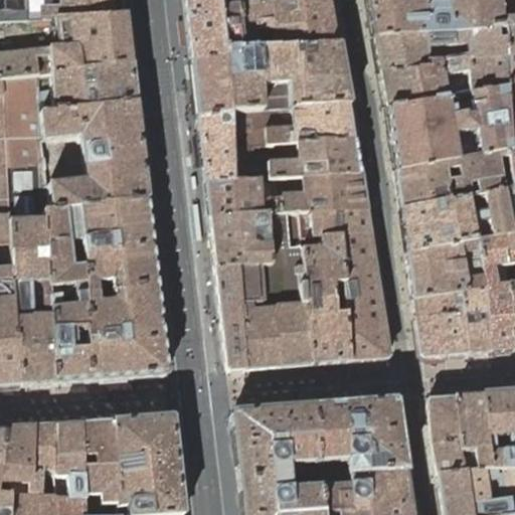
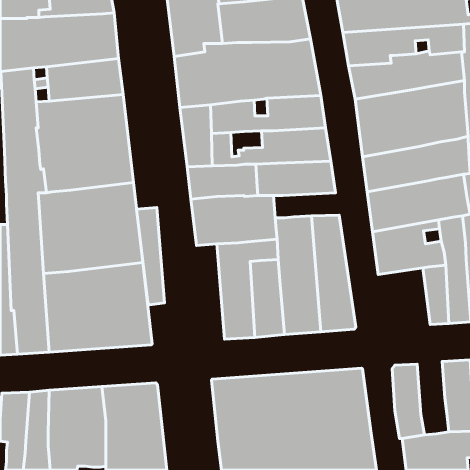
building: [301,209,372,236] -> none
building: [217,265,247,370] -> [137,207,164,305]
building: [414,291,471,356] -> none
building: [457,392,491,472] -> none

